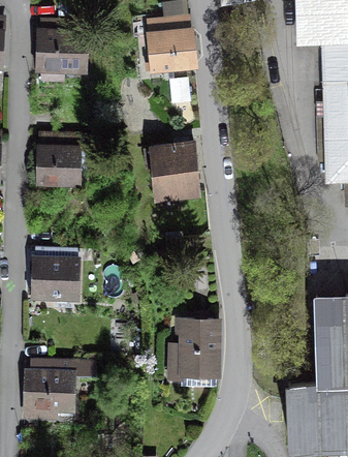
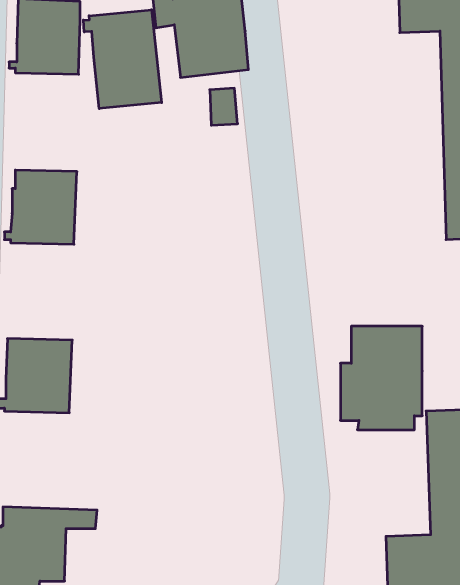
building: none -> [83,10,162,109]
building: [149,141,200,202] -> none
building: [167,319,222,389] -> [340,326,422,430]

